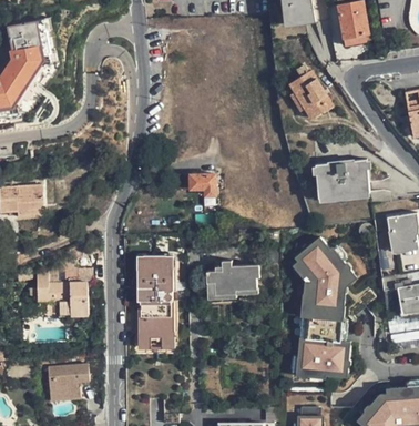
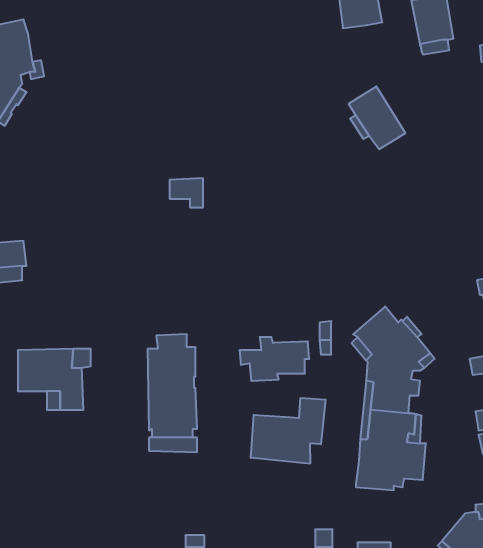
building: [316,159,369,196] -> none
building: [190,173,215,195] -> [170,178,203,207]
building: none -> [251,398,326,464]
building: [48,363,89,398] -> none

